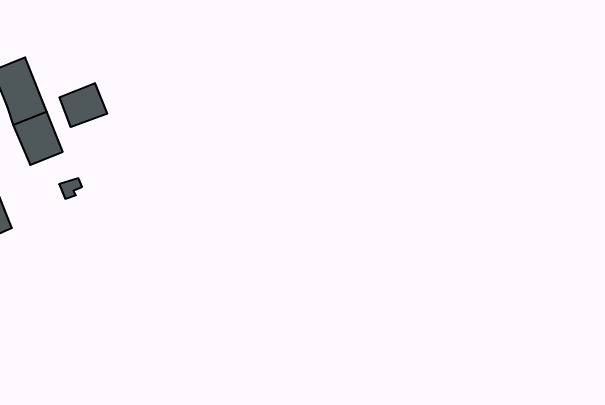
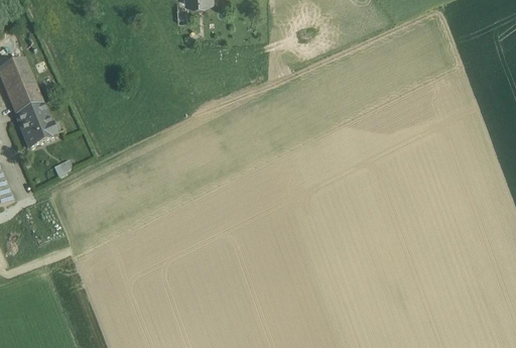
building: [59,83,107,127] -> none

